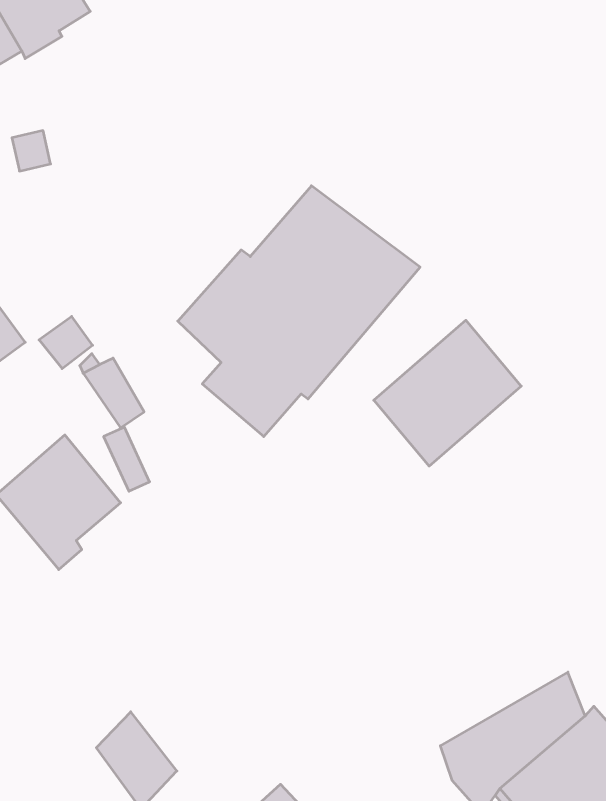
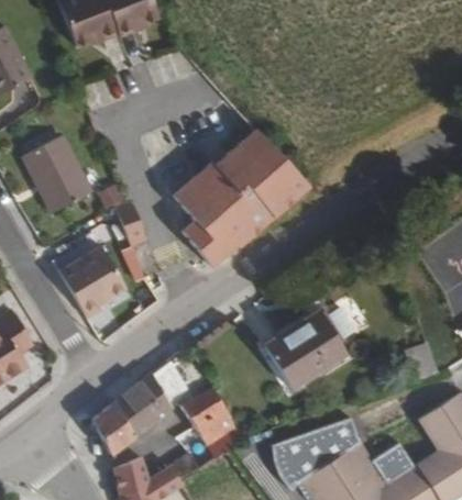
building: [374,320,521,466] -> [263,312,344,388]
building: none -> [112,360,187,438]
building: none -> [182,388,238,459]

